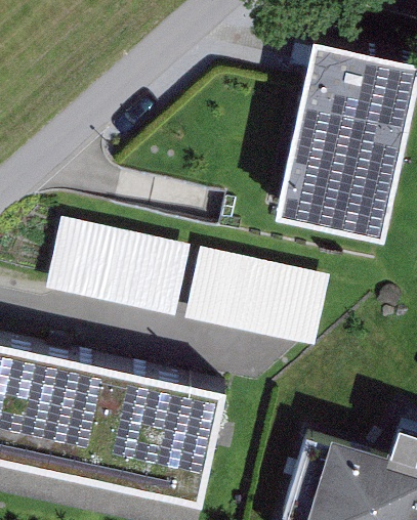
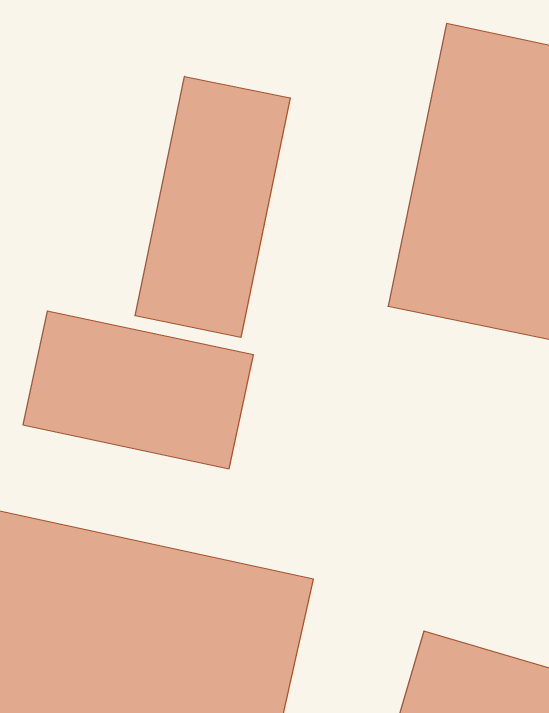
building: none -> [135,76,290,337]
building: [185,247,331,347] -> none

